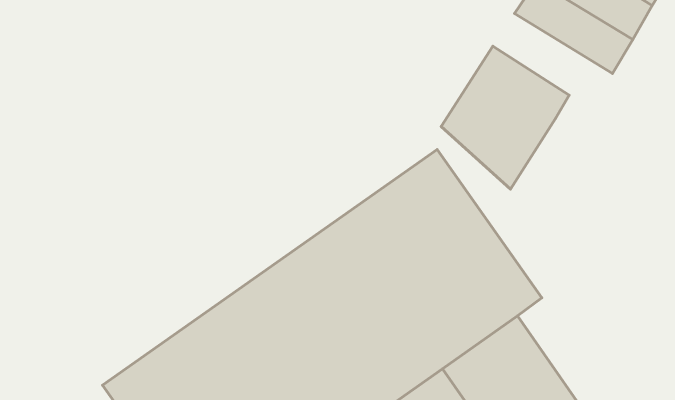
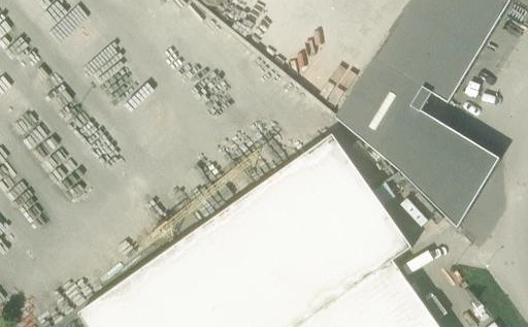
building: none -> [374,30,465,102]
building: none -> [388,109,500,227]

